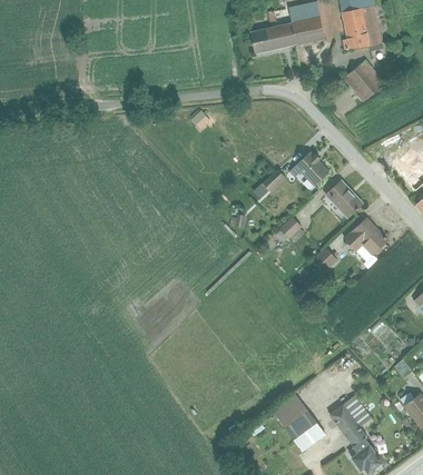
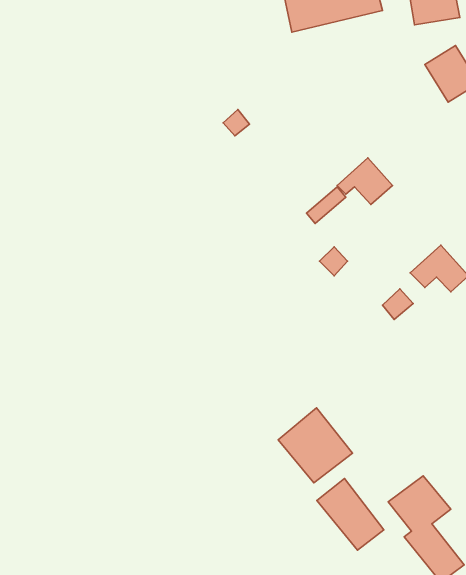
building: [323,178,363,219] -> none
building: none -> [278,408,352,483]

